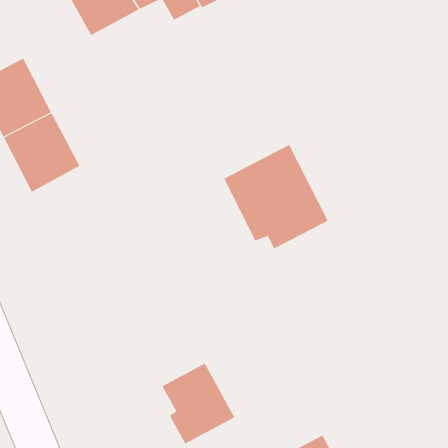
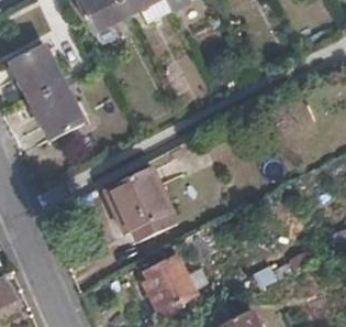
building: [224,144,329,249] -> [100,168,174,242]

